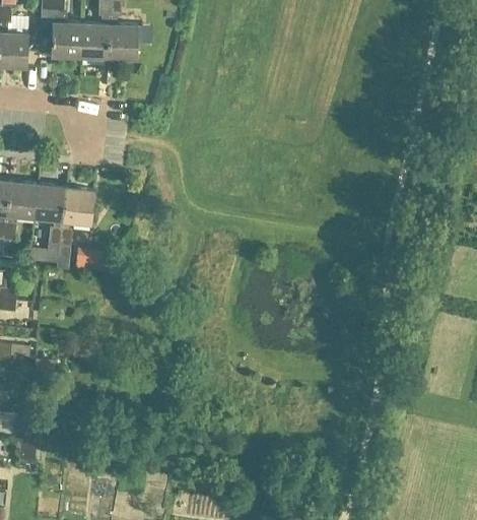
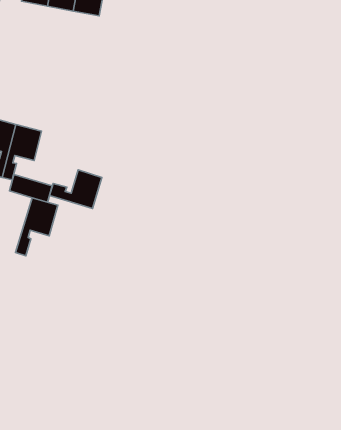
building: none -> [49,170,102,209]
building: none -> [15,198,58,256]

